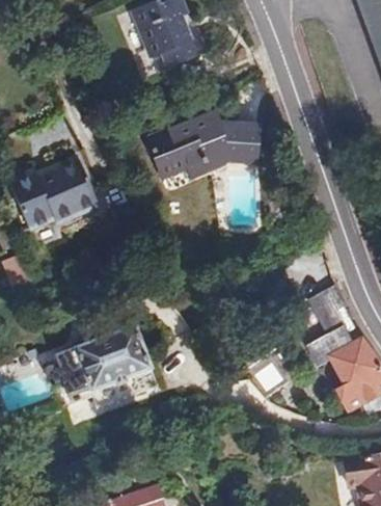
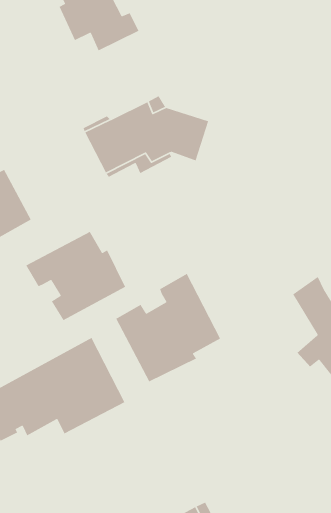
building: none -> [25,231,126,321]
building: none -> [115,273,221,383]

